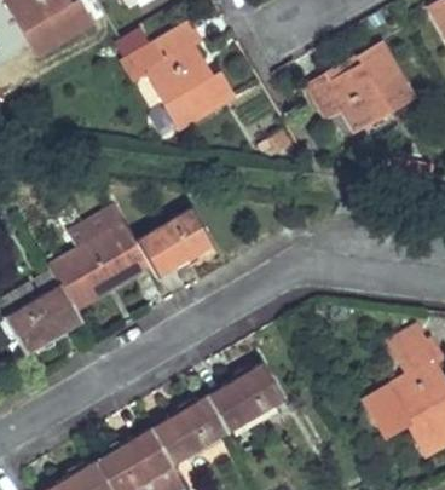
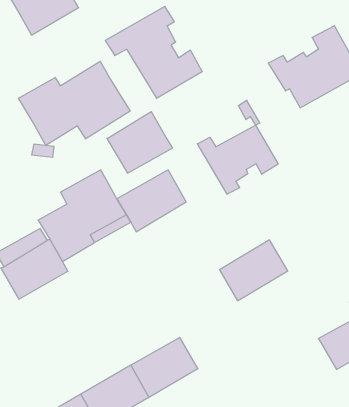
building: none -> [19,61,130,146]
building: none -> [107,112,172,173]
building: none -> [197,125,278,194]
building: [207,363,284,432] -> [220,240,288,301]

